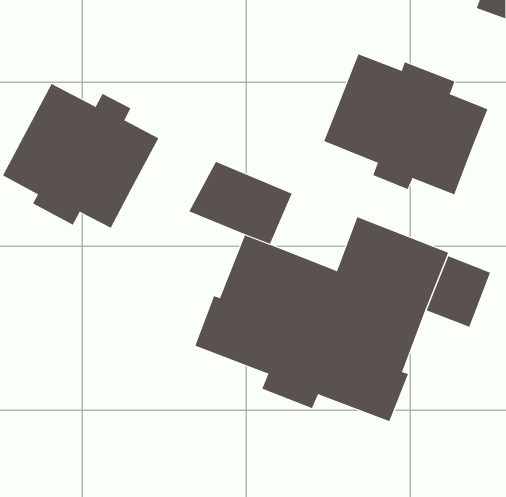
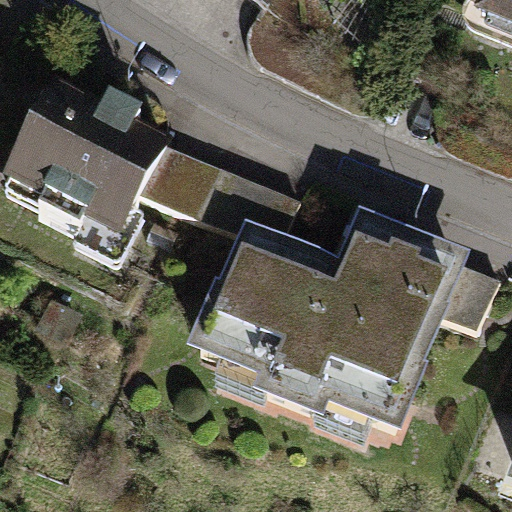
building: [323,54,488,195] -> none
building: none -> [132,138,215,211]

